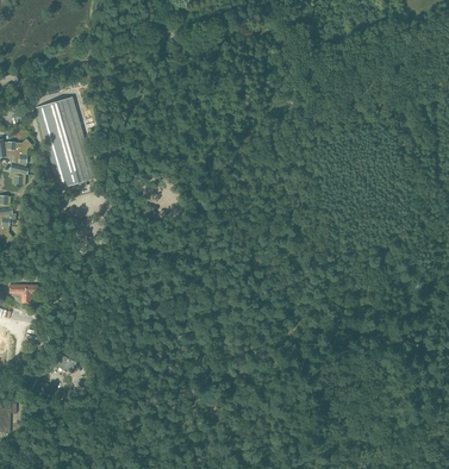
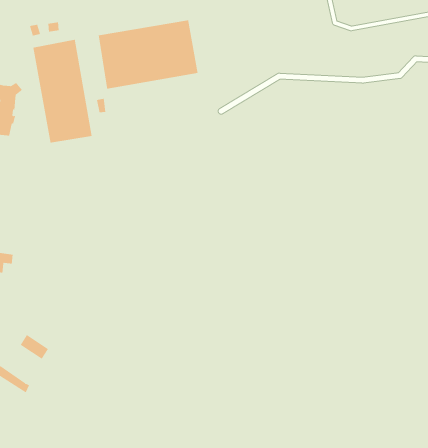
building: none -> [98,20,198,89]

